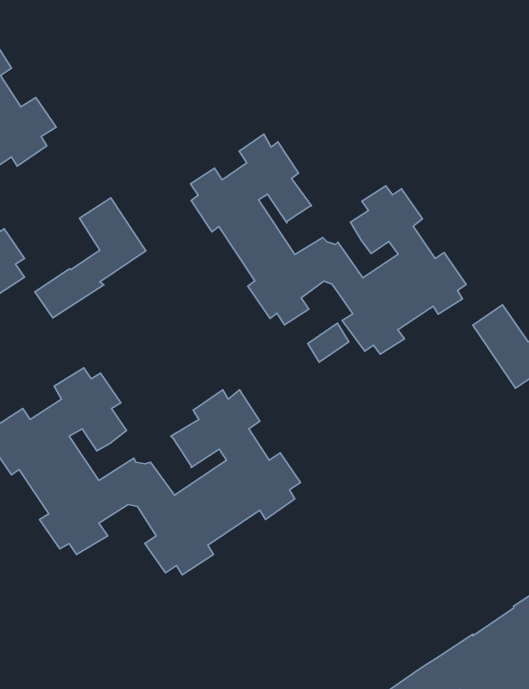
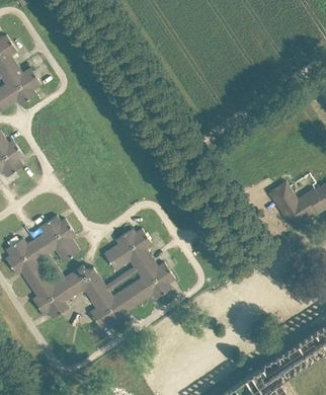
building: [190,134,466,354] -> none
building: [35,198,146,318] -> none

